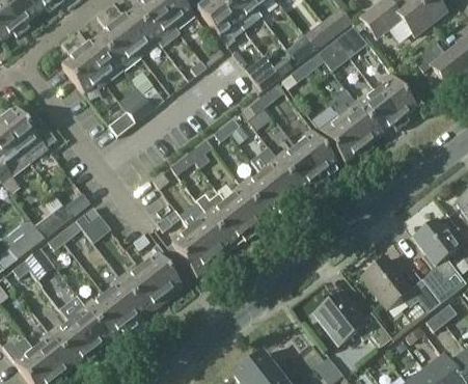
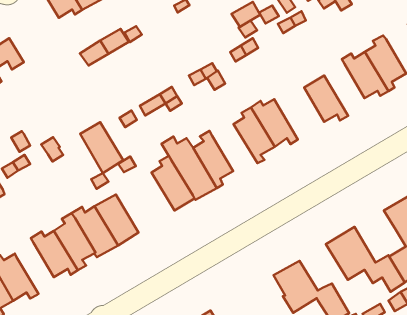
building: [340,99,381,152] -> none
building: [296,127,337,180] -> none
building: [239,172,287,217] -> none
building: [171,227,215,275] -> [80,122,123,173]
building: [59,295,109,355] -> none

